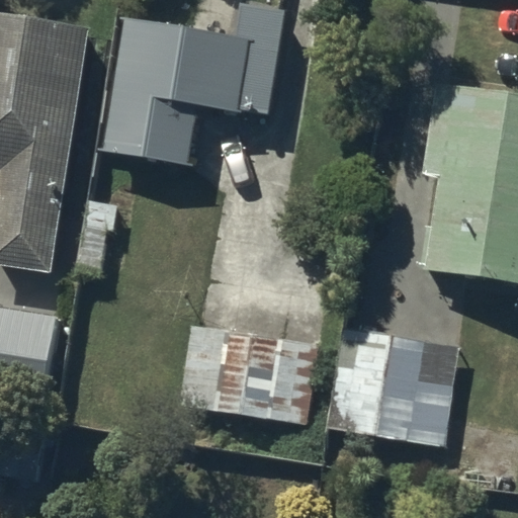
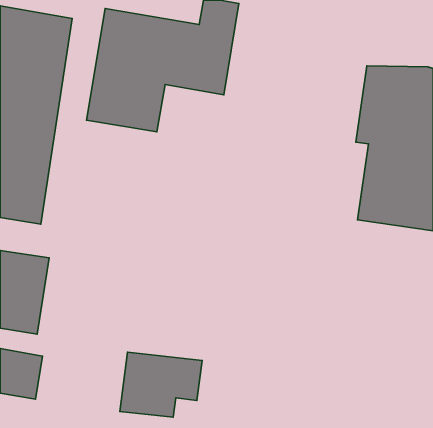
building: [184,327,282,405] -> [120,352,202,417]
building: [329,330,459,449] -> none

